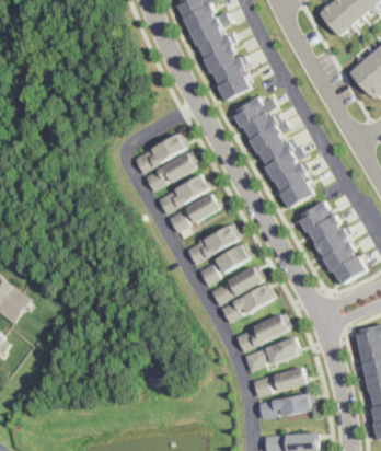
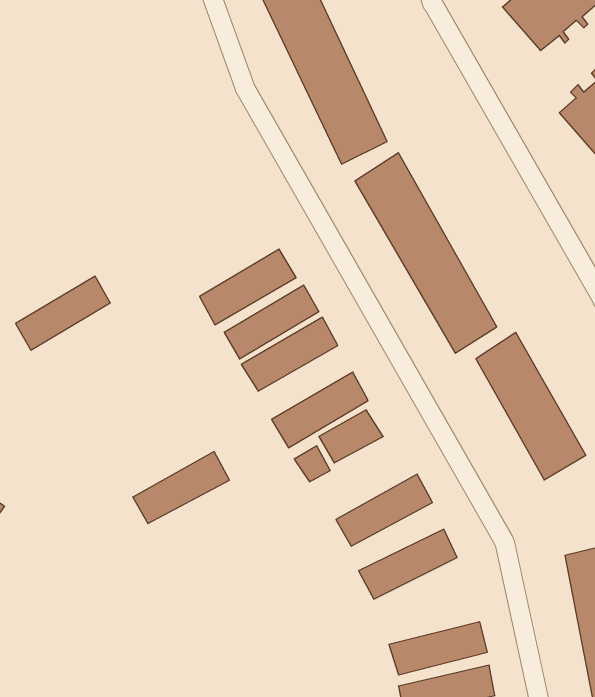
building: [132,134,187,176] -> [16,276,110,350]
building: [209,264,265,305] -> [133,452,229,524]
building: [245,336,302,372] -> none

